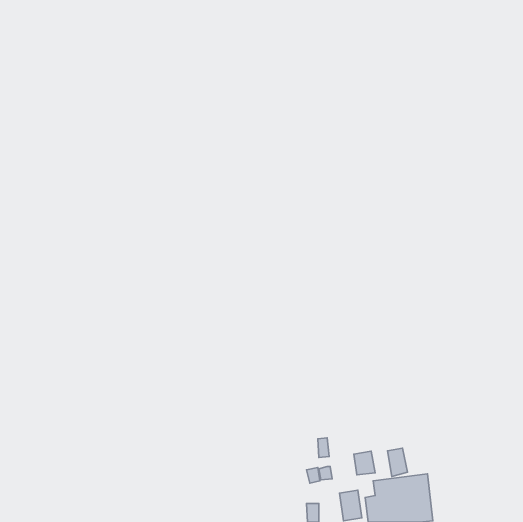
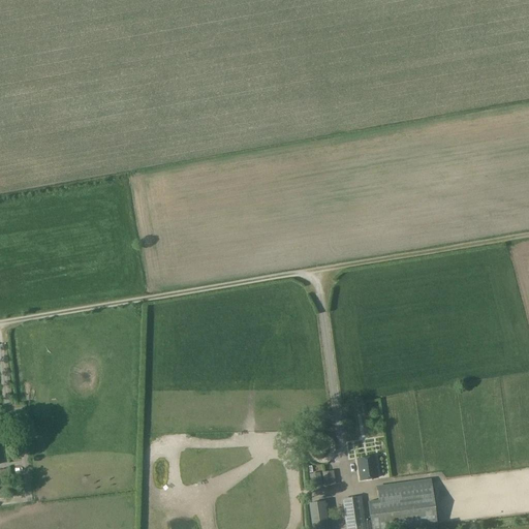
building: [388,448,407,476] -> none

